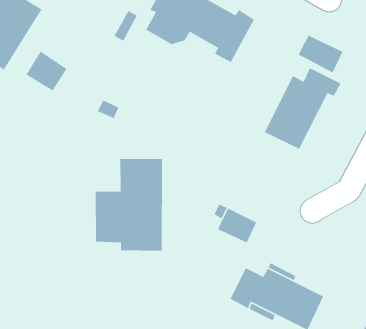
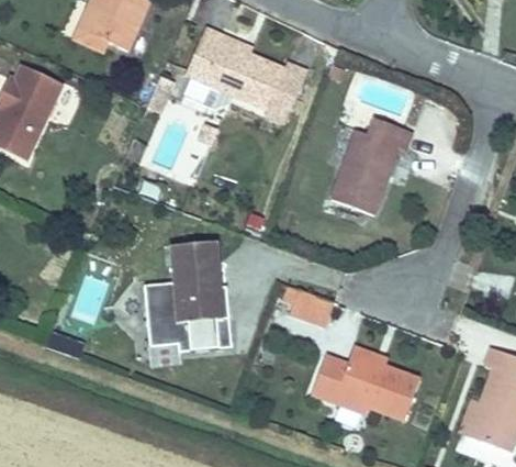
building: [298,34,344,74] -> none
building: [26,51,67,92] -> none

